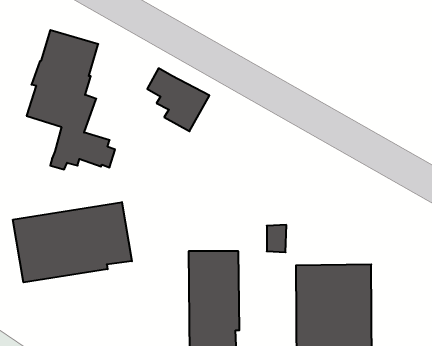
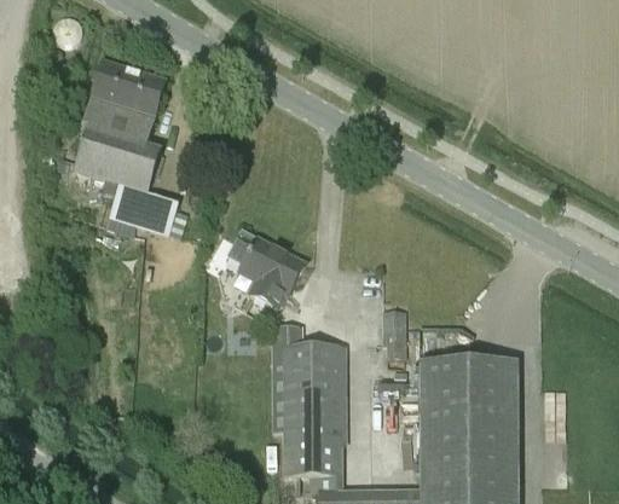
building: [147,68,209,131] -> [226,227,306,308]
building: [13,202,132,282] -> none

